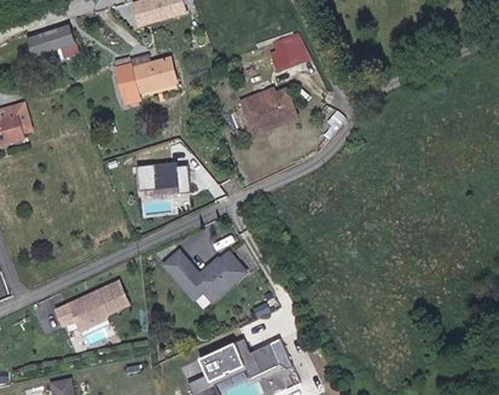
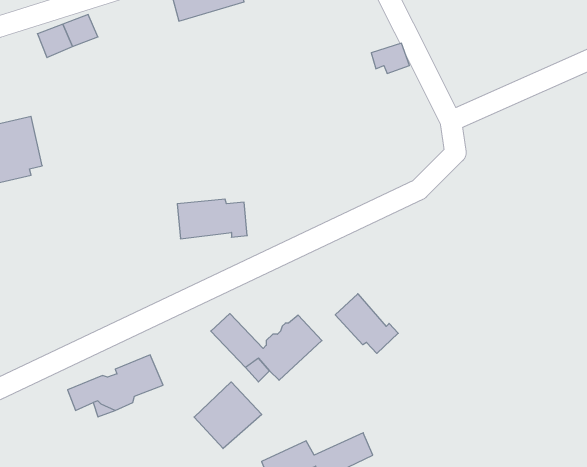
building: [118,59,176,103] -> none
building: [243,88,296,133] -> none
building: none -> [335,294,398,353]
building: none -> [194,382,262,449]

